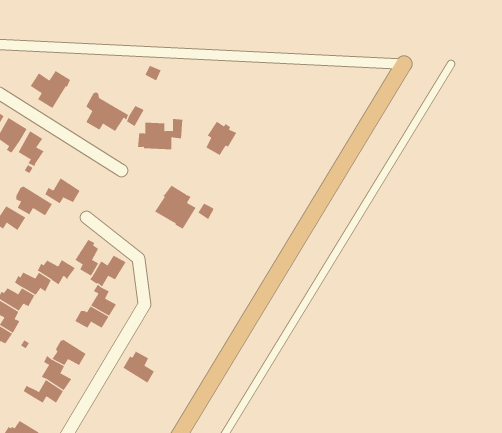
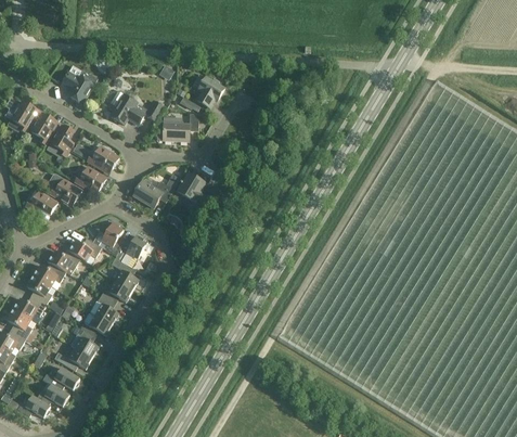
building: [206,121,237,156] -> [196,75,224,106]
building: none -> [87,144,119,172]
building: none -> [132,179,173,207]
building: [122,351,155,383] -> [89,294,118,323]
building: none -> [42,365,79,388]

